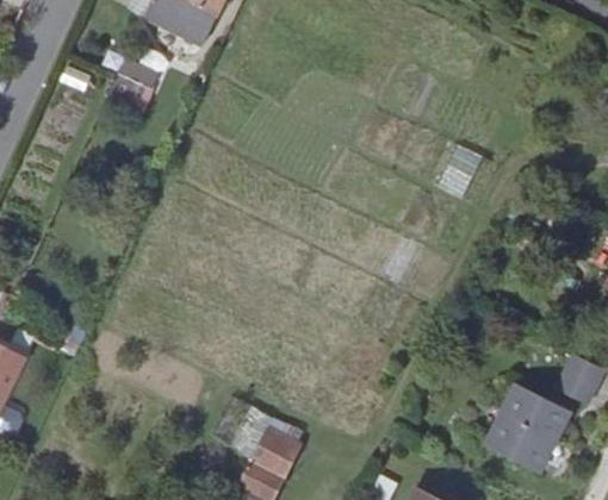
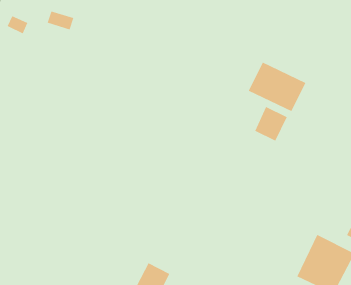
building: none -> [254,106,287,141]

